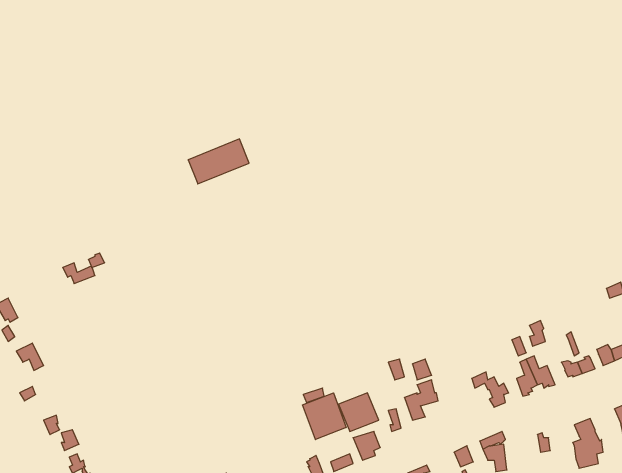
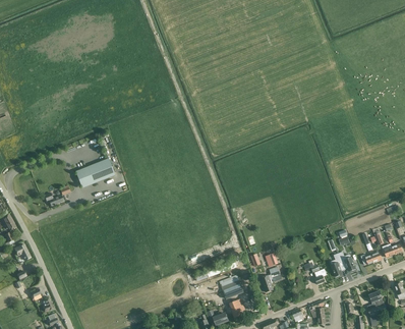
building: [188,139,249,184] -> [75,158,114,186]
building: [303,393,346,440] -> none

